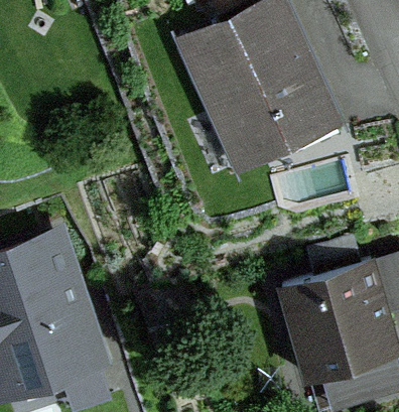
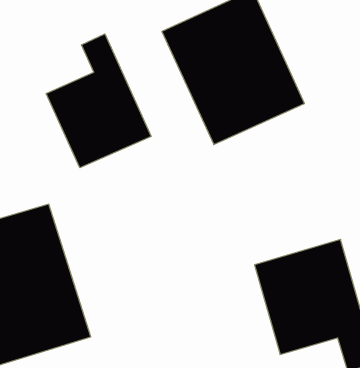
building: none -> [46,34,151,168]

